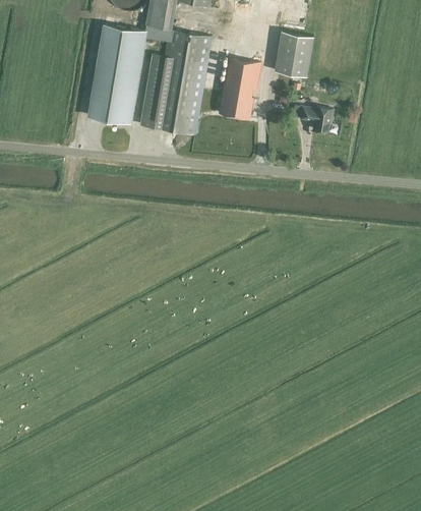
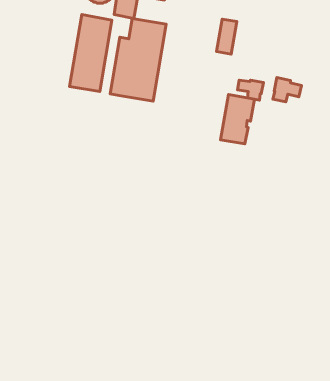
building: [292,35,313,77] -> none
building: [218,57,260,119] -> [220,94,255,144]
building: none -> [273,78,301,102]

